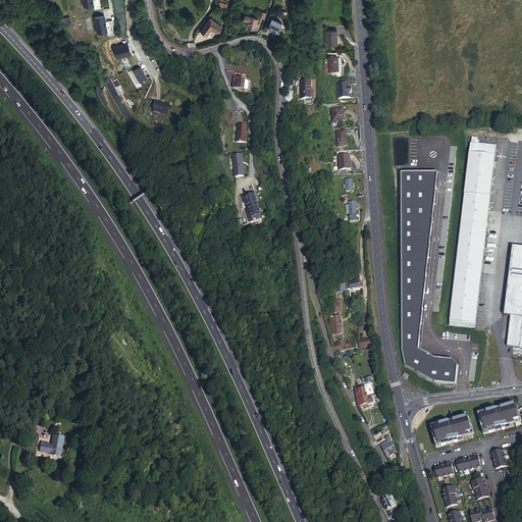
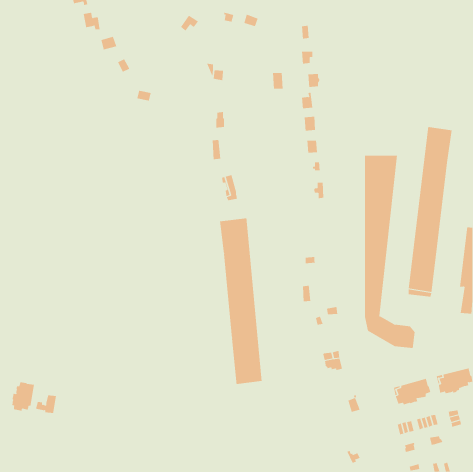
building: none -> [220,218,262,385]
building: none -> [12,381,34,412]

